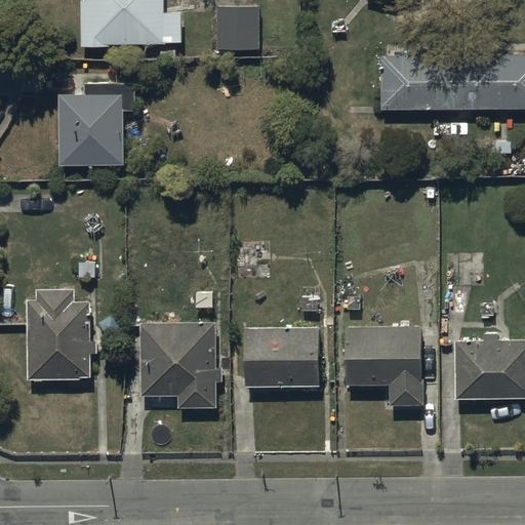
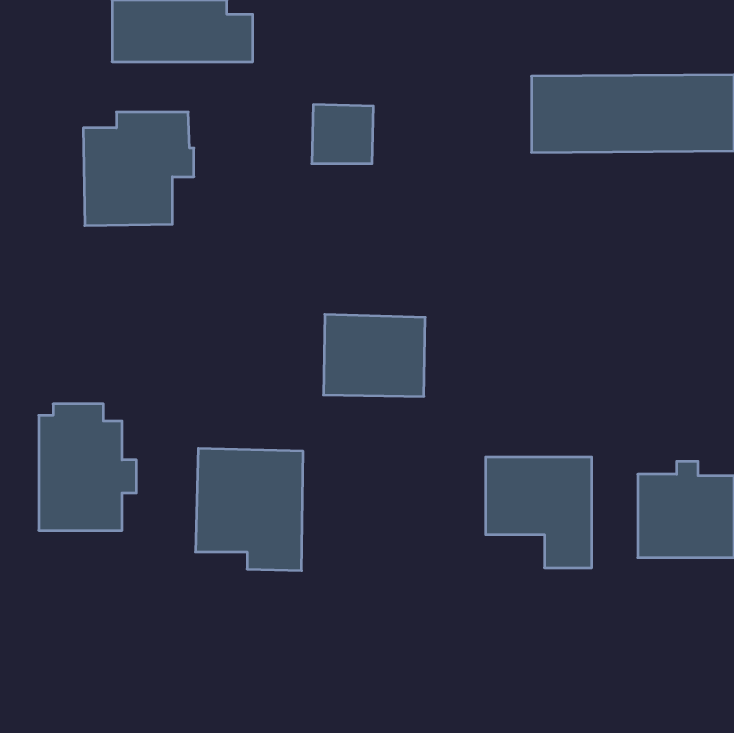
building: [216,6,260,48] -> [312,105,373,164]
building: [245,328,318,387] -> [323,314,425,396]

